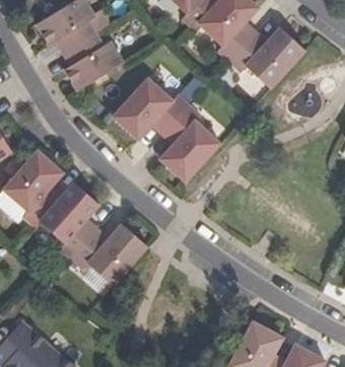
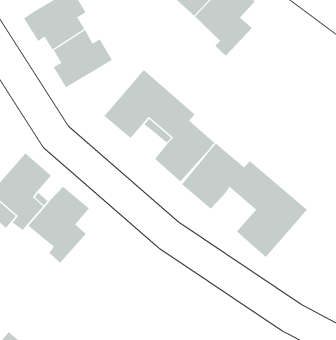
building: [230,26,305,87] -> none
building: none -> [181,142,308,258]
building: [71,224,146,284] -> none

